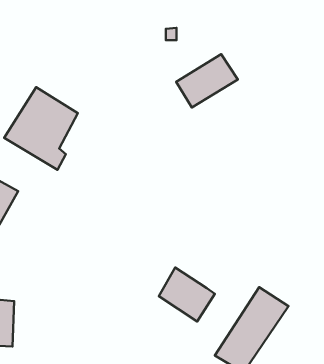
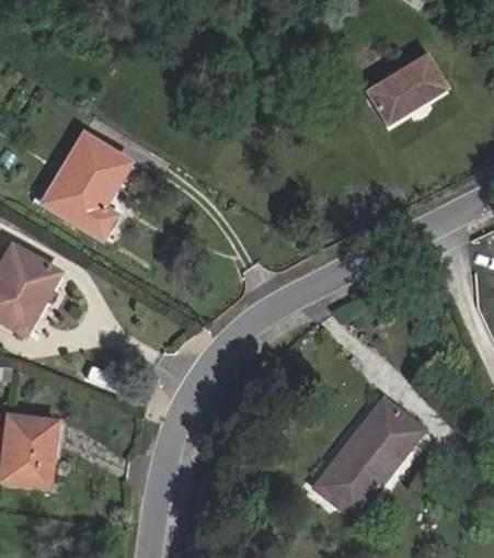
building: [176,54,238,107] -> [365,54,447,125]
building: [159,268,215,321] -> none

